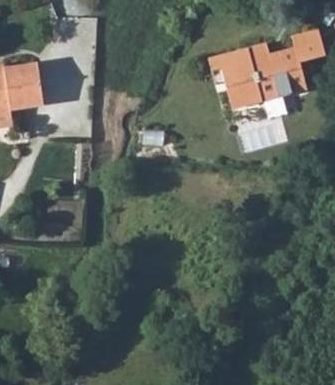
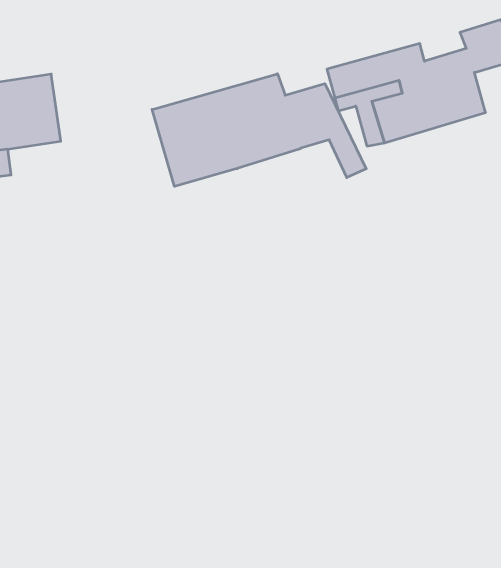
building: none -> [152,74,366,186]

